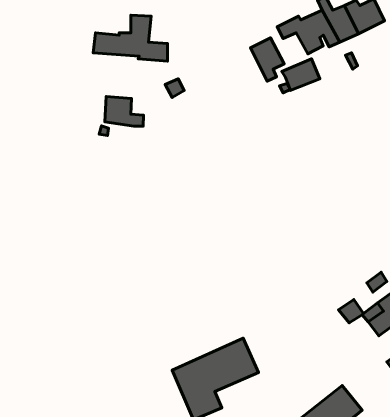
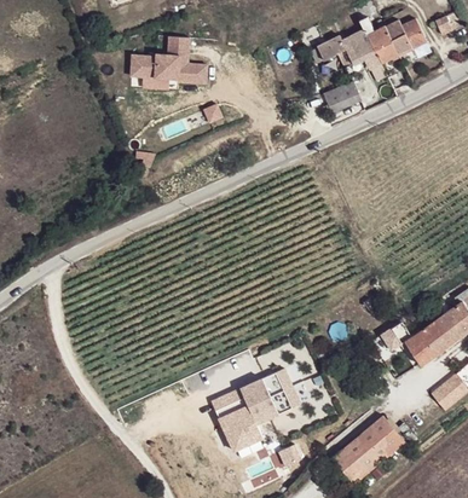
building: [251,38,284,81] -> none
building: [105,96,144,126] -> none

